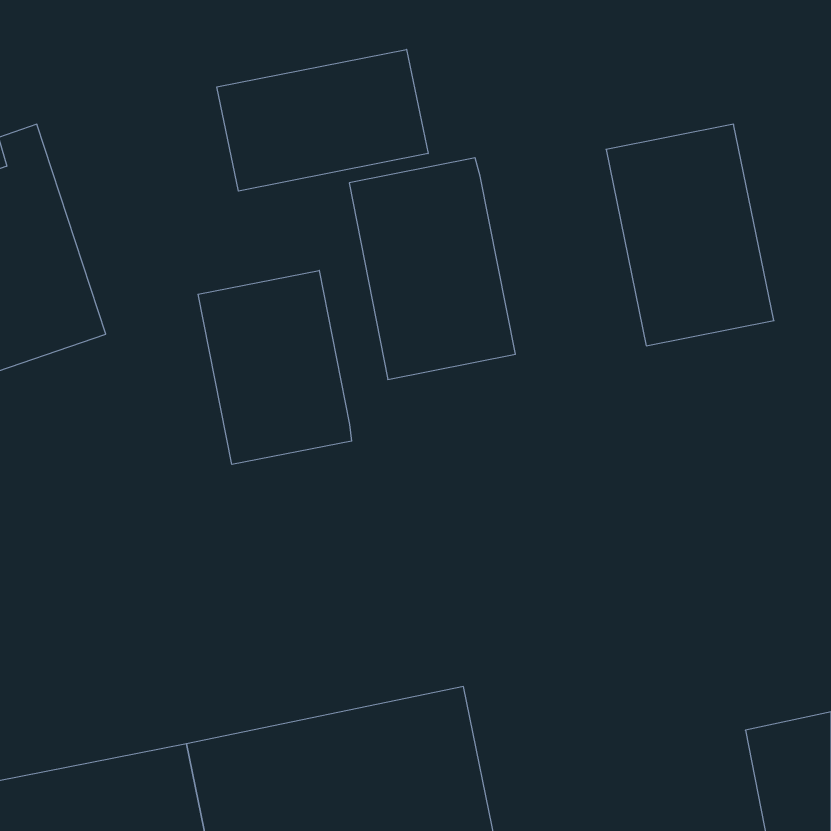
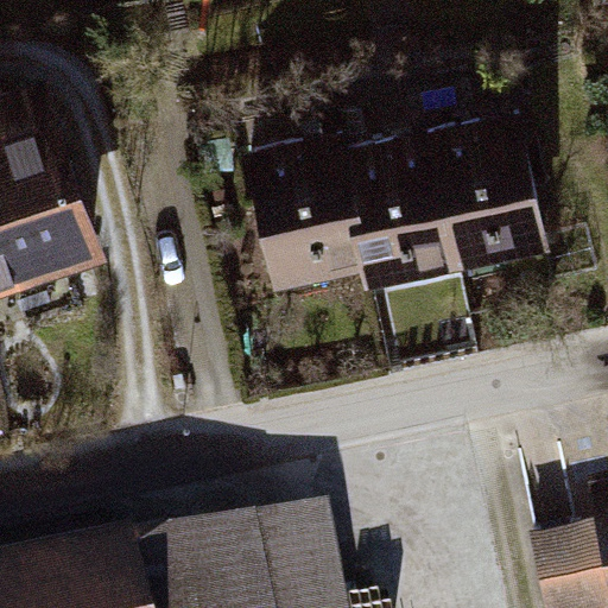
building: [217,49,428,191] -> none
building: none -> [340,125,457,281]
building: [198,270,352,464] -> none

